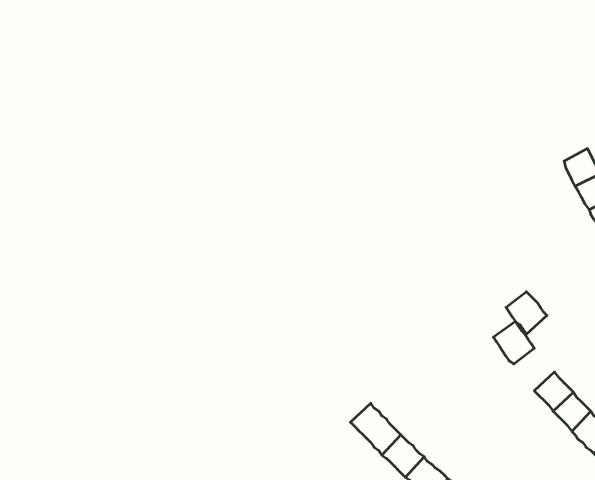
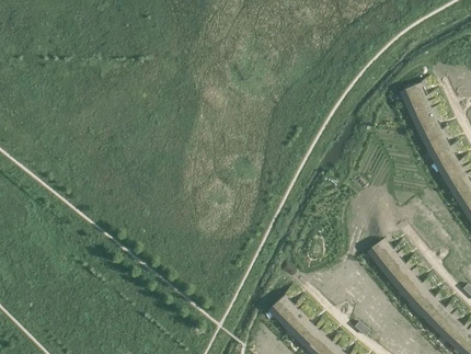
building: none -> [402,85,435,128]
building: [506,292,547,334] -> [383,259,412,288]

